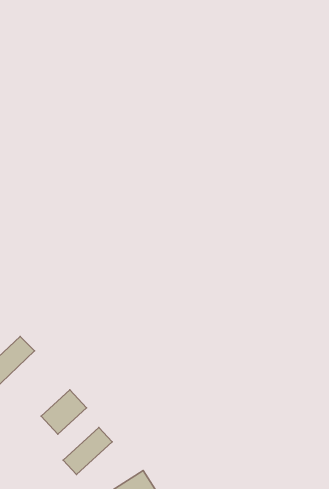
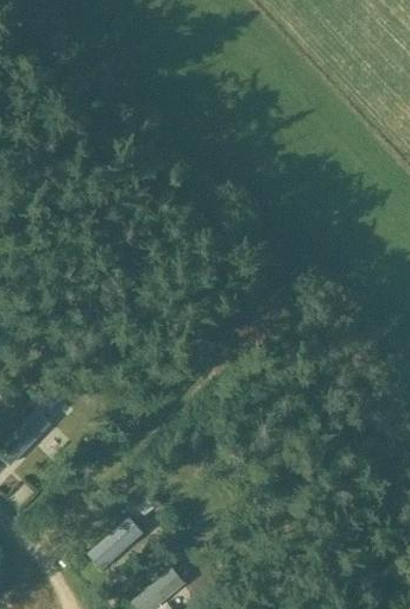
building: [41,390,87,434] -> none

